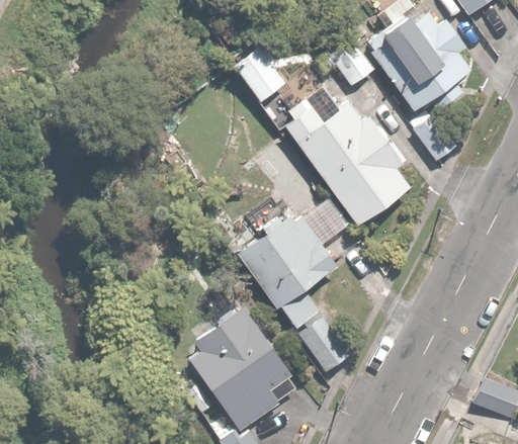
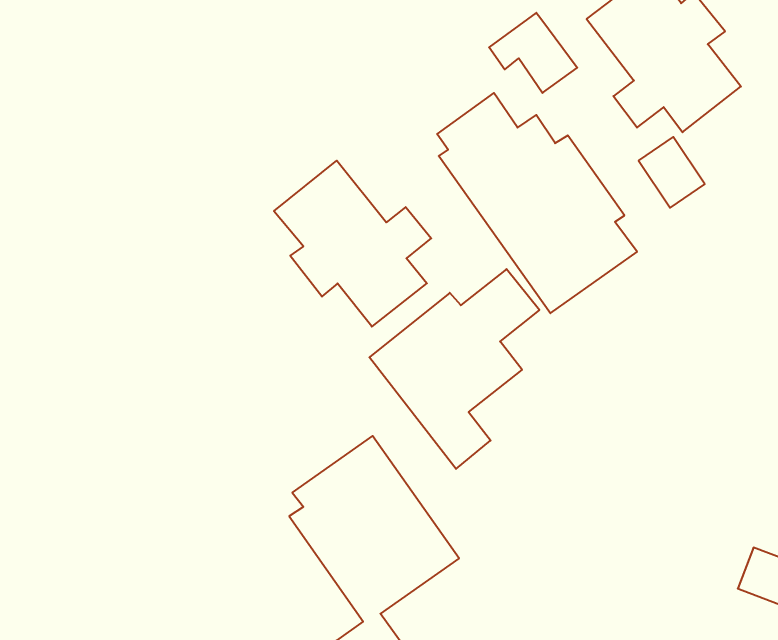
building: [233,48,285,103] -> none
building: none -> [274,161,431,327]
building: [298,315,351,371] -> none

